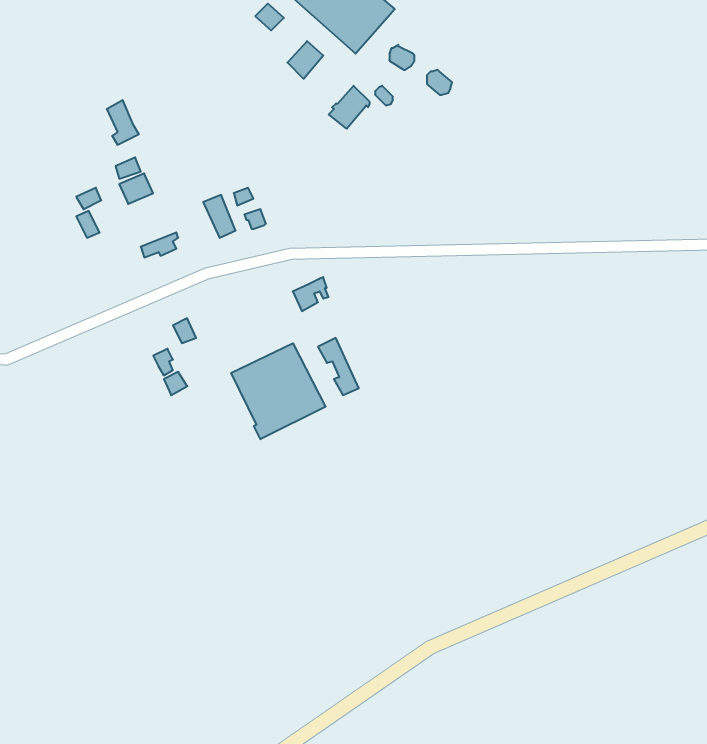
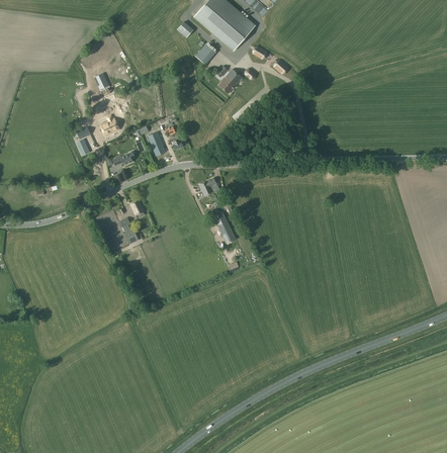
building: [231,343,326,439] -> none

